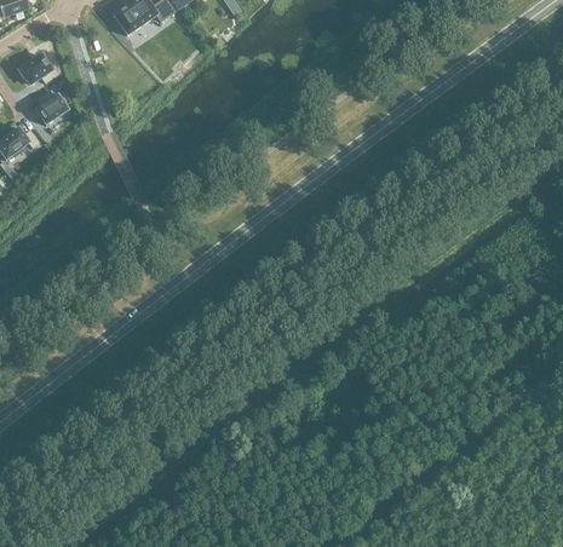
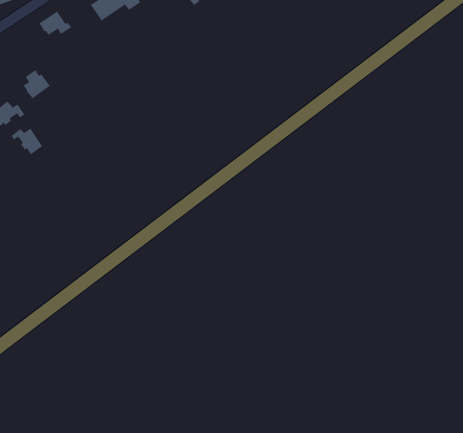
building: [17,53,56,82] -> [39,11,72,36]
building: none -> [11,128,43,155]

